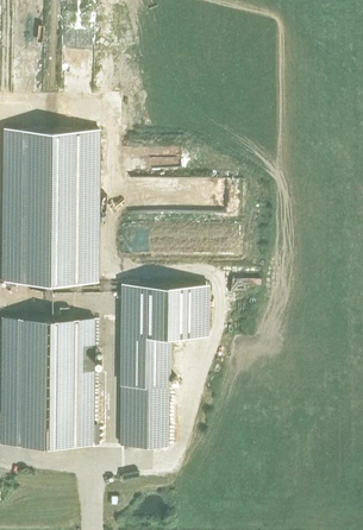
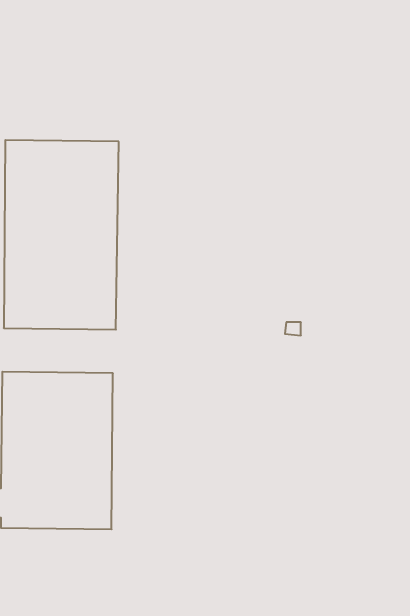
building: [120,286,208,448] -> none

